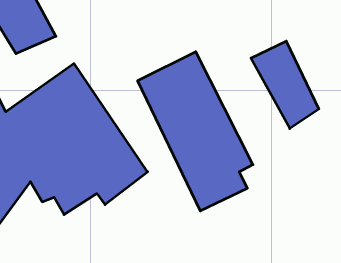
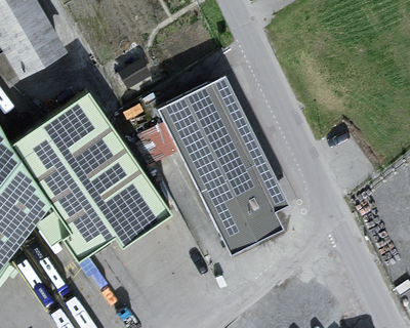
building: [251,41,319,129] -> none

